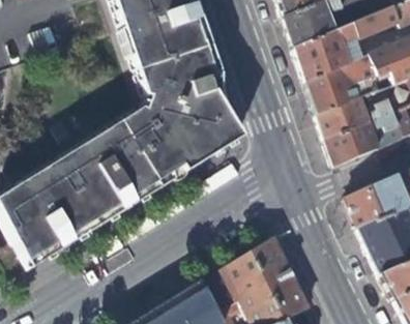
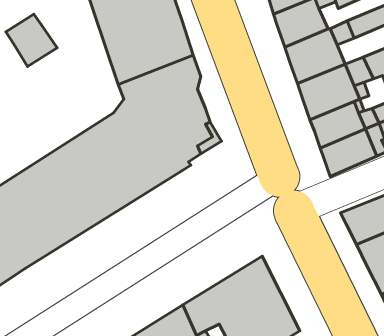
building: none -> [6,14,57,67]

